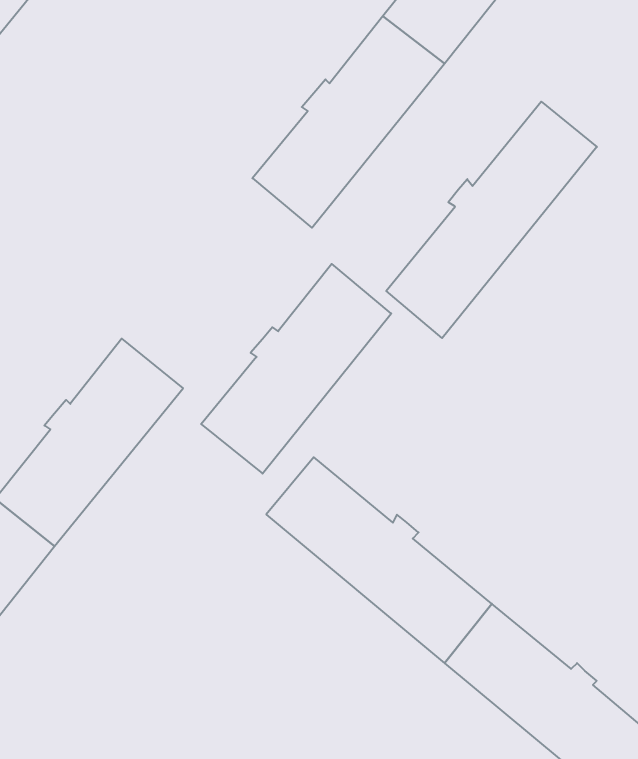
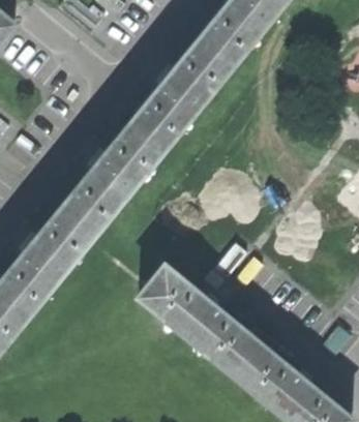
building: [386,102,597,338] -> none
building: [201,264,391,474] -> [65,117,164,227]

